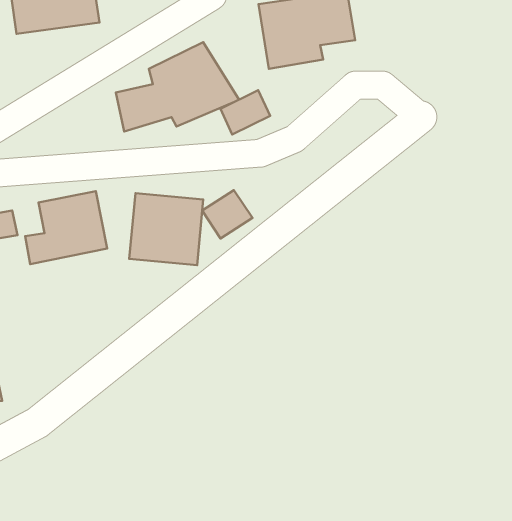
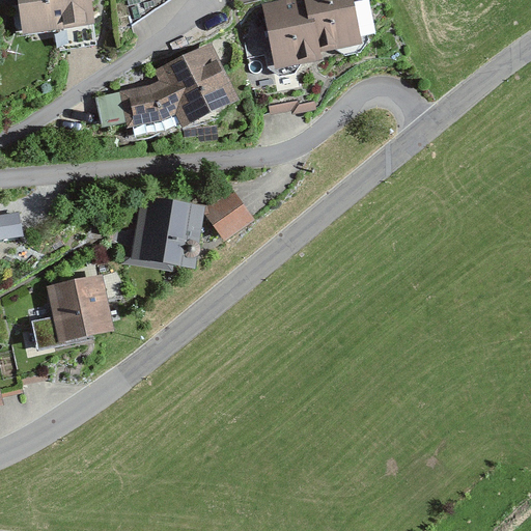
building: [220,90,270,134] -> none
building: [25,191,107,264] -> [30,274,113,347]

